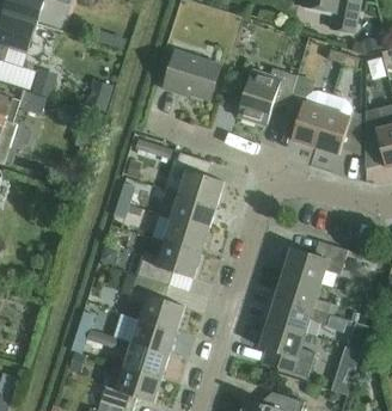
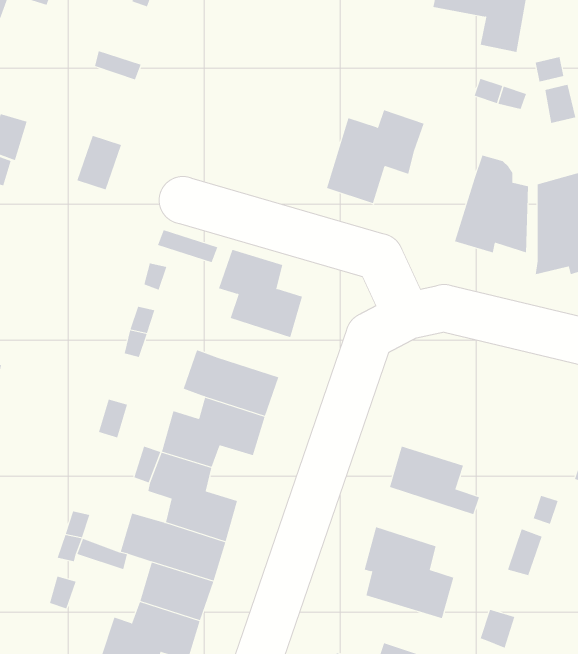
building: [163,49,220,100] -> none
building: [282,91,331,147] -> none
building: [163,190,215,229] -> none
building: [282,240,347,283] -> none
building: [267,296,326,332] -> none

